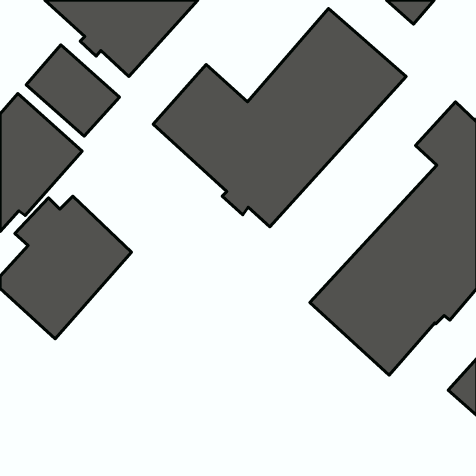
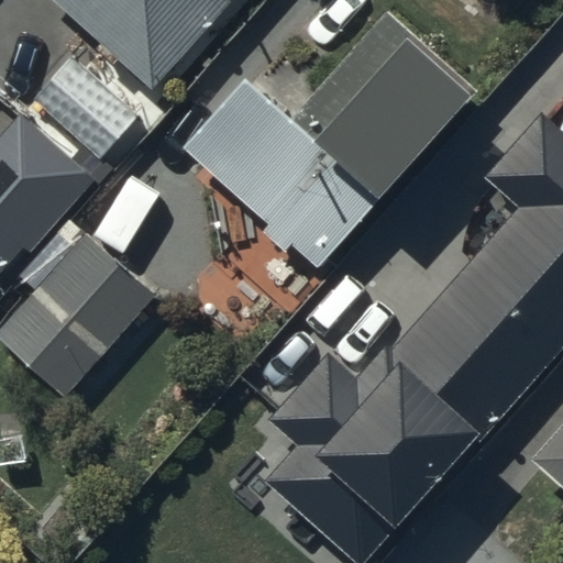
building: none -> [239,350,448,558]

